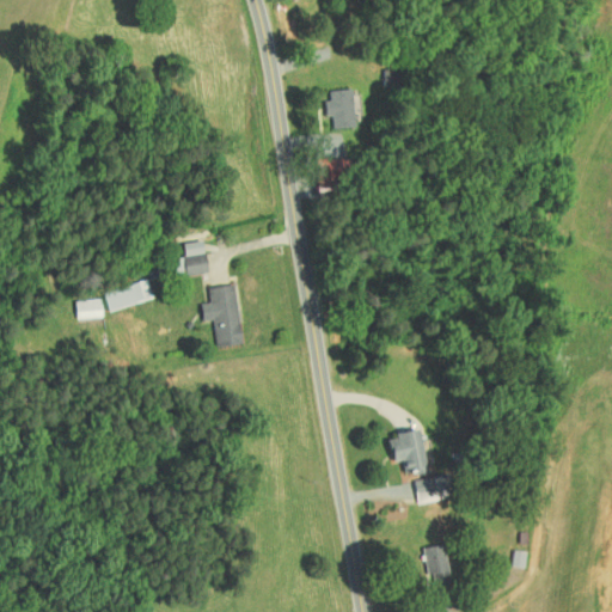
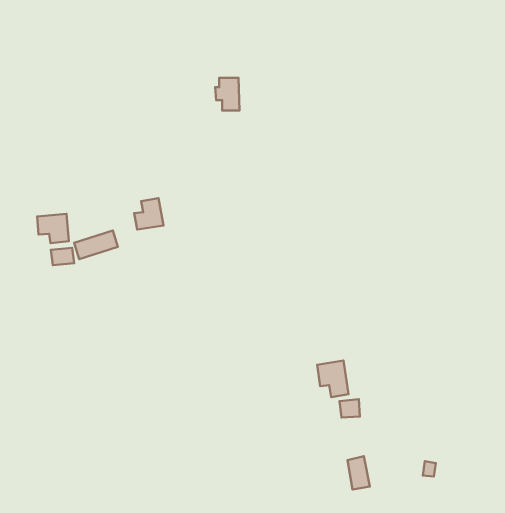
building: [326,90,355,128] -> [215,78,240,110]
building: none -> [37,214,69,243]
building: [202,284,243,348] -> none

